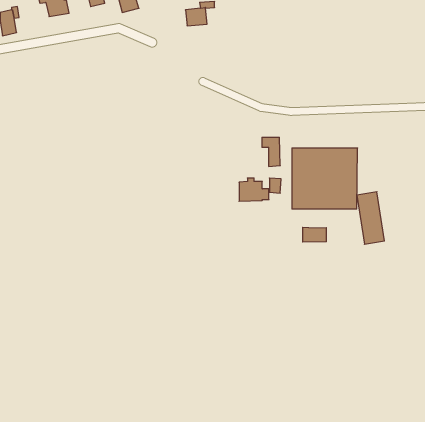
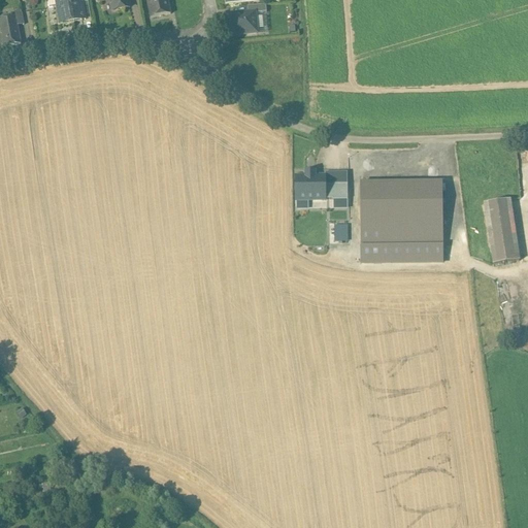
building: [239,178,269,201] -> [296,169,333,198]
building: [357,192,384,244] -> [485,197,519,262]
building: [303,227,326,242] -> none

